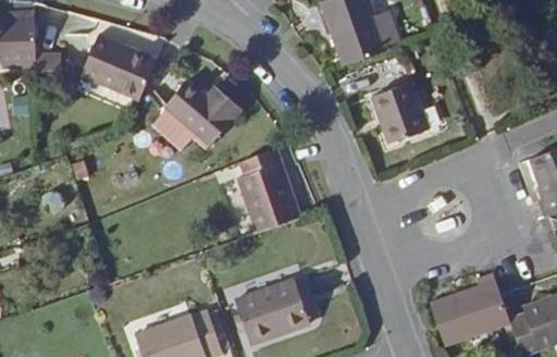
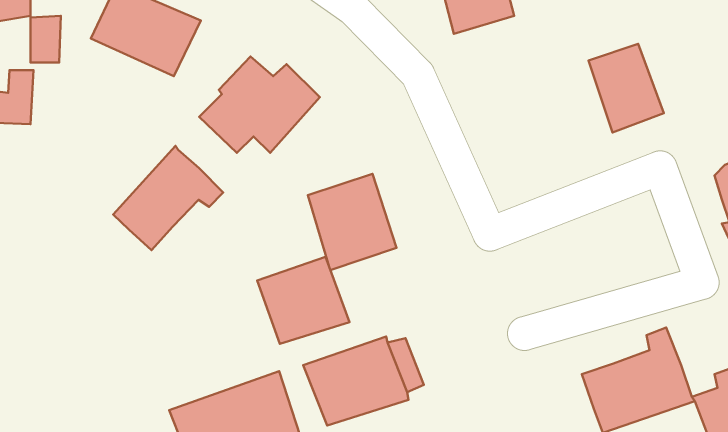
building: [372,76,426,140] -> [589,44,664,133]
building: none -> [113,146,223,250]
building: none -> [257,257,349,344]

